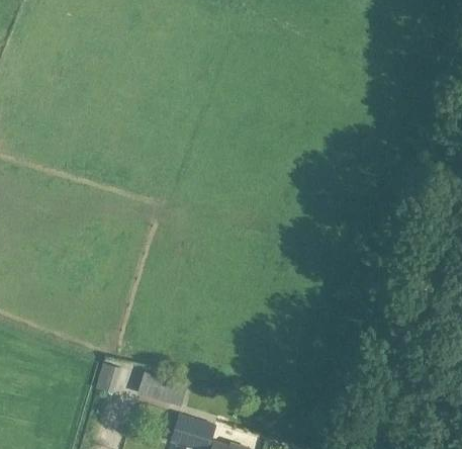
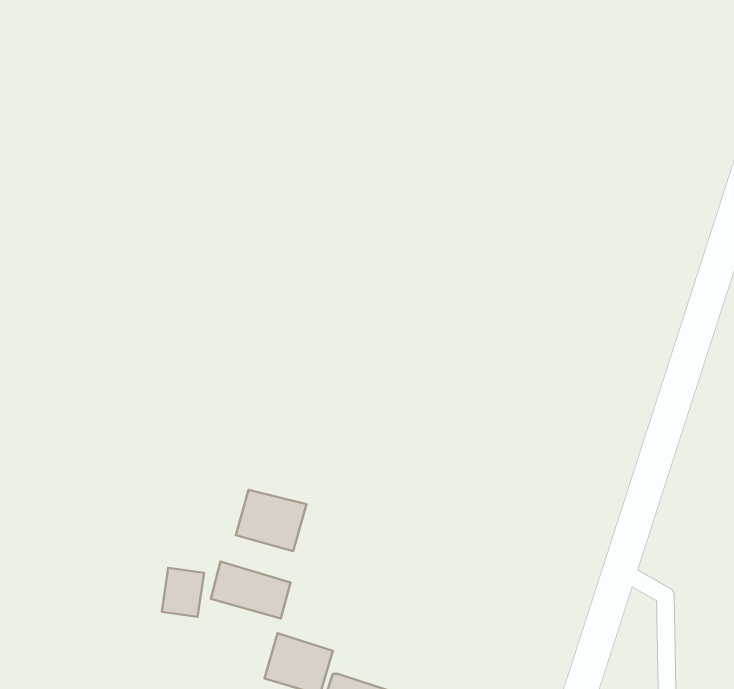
building: none -> [236,490,307,551]

